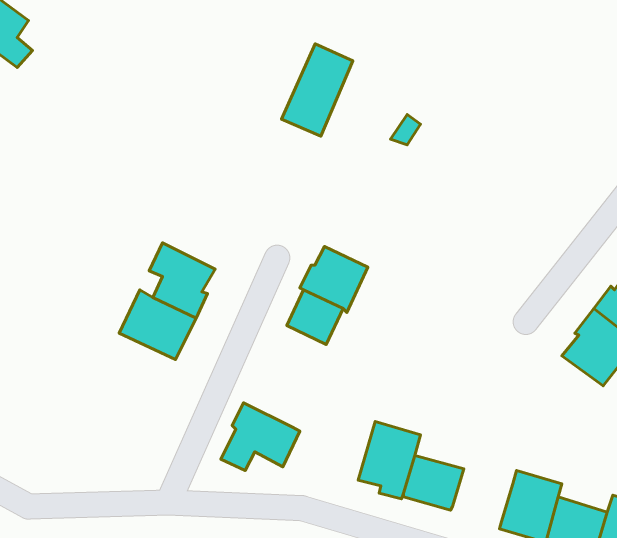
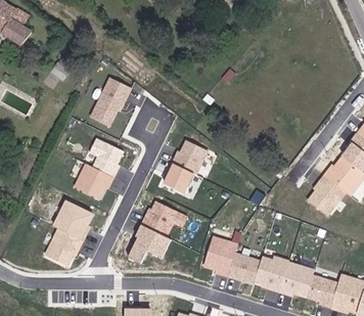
building: [281,44,353,136] -> [90,76,129,126]
building: none -> [44,198,94,267]
building: none -> [140,200,187,237]
building: none -> [253,255,289,292]

